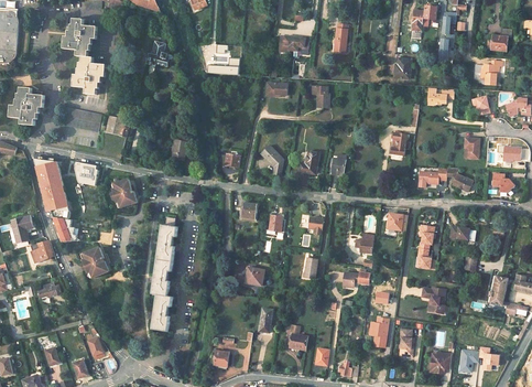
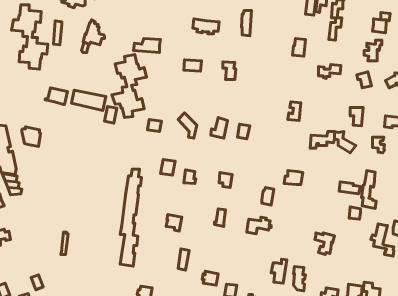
building: none -> [112,54,146,118]
building: [59,106,100,130] -> [71,90,106,111]
building: [112,179,137,207] -> none
building: [151,216,176,331] -> [120,169,141,266]
building: [419,225,436,270] -> [361,170,376,209]
building: [82,248,108,279] -> none

